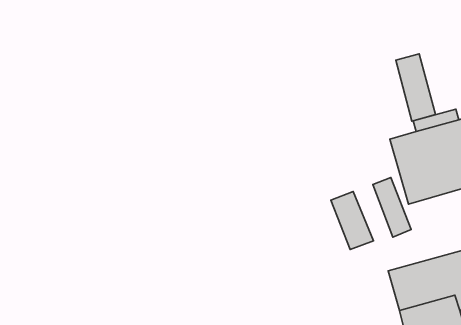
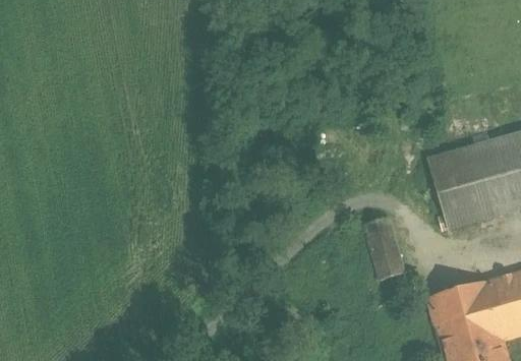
building: [396,54,436,121] -> none
building: [373,178,411,237] -> none

